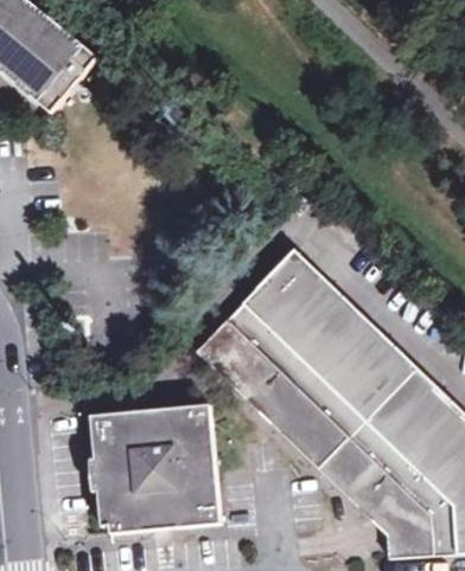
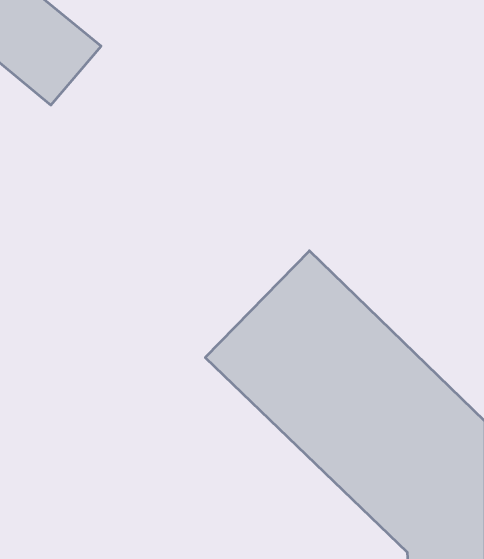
building: [90,403,219,533] -> none

